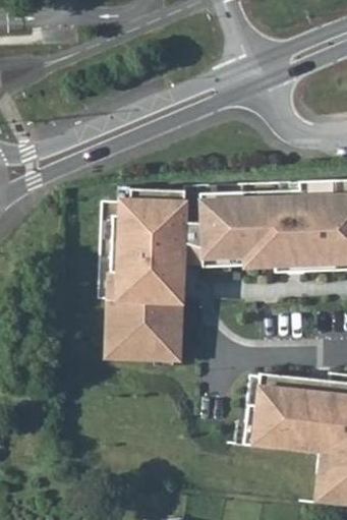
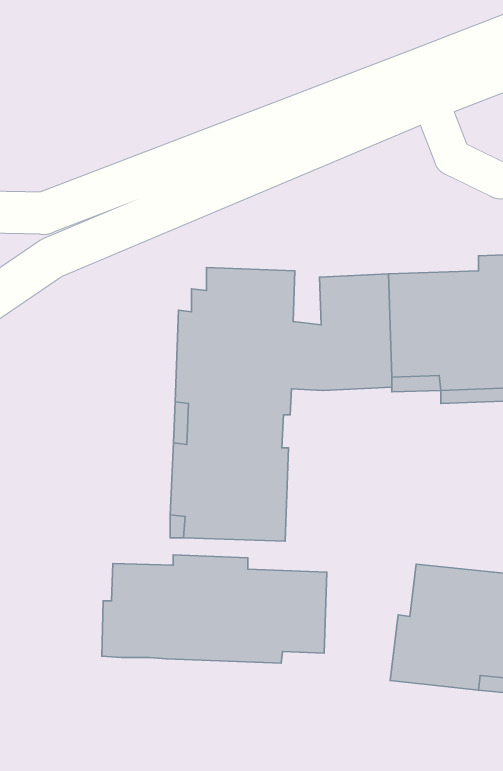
building: none -> [102,555,327,663]

